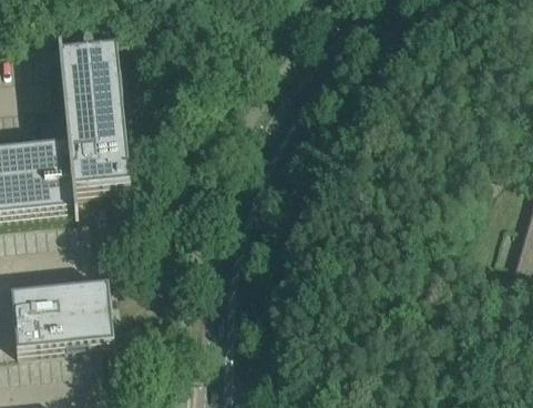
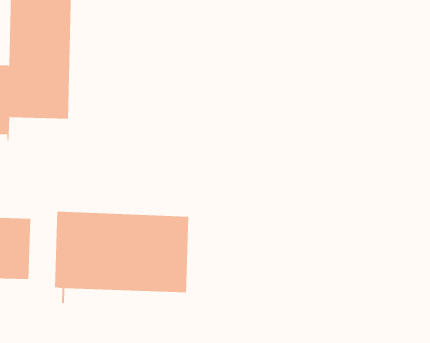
building: none -> [54,211,189,304]

